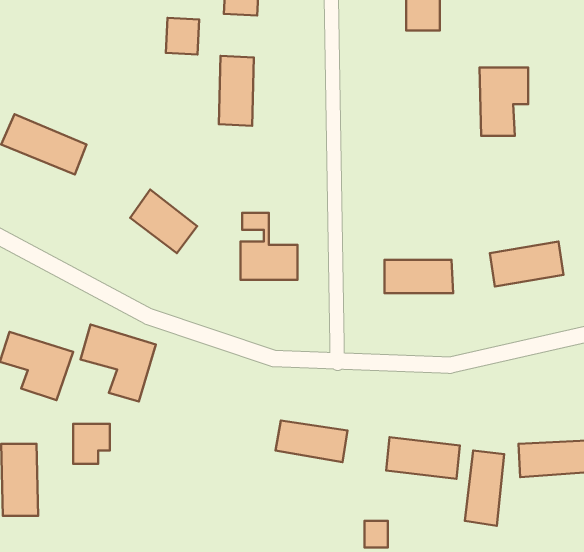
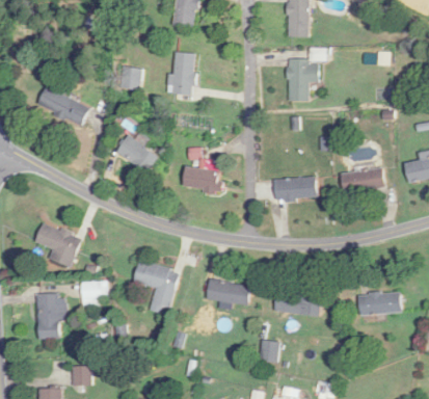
building: [166,18,199,54] -> [118,68,139,90]
building: [480,67,528,136] -> [287,59,317,102]
building: [80,324,156,401] -> [133,259,180,307]
building: [465,450,504,526] -> none

